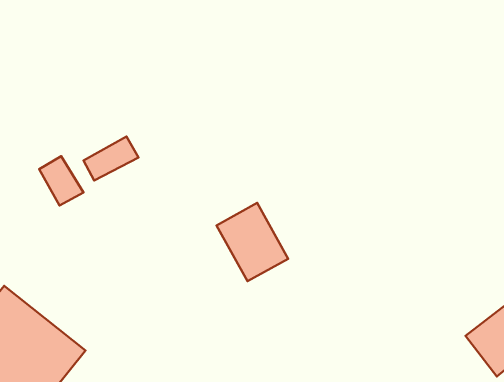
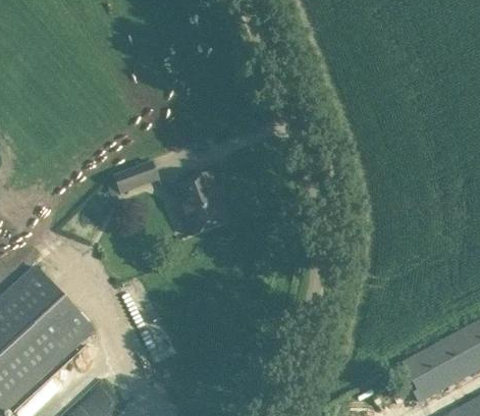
building: [39,156,83,205] -> none
building: [216,203,288,281] -> [174,174,228,237]

